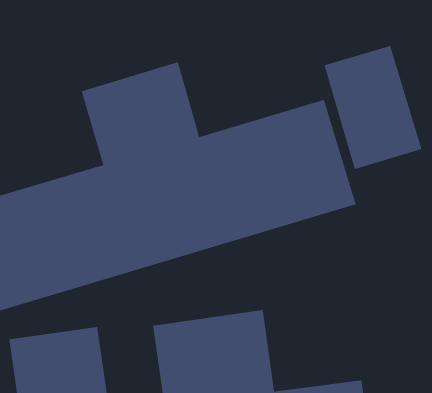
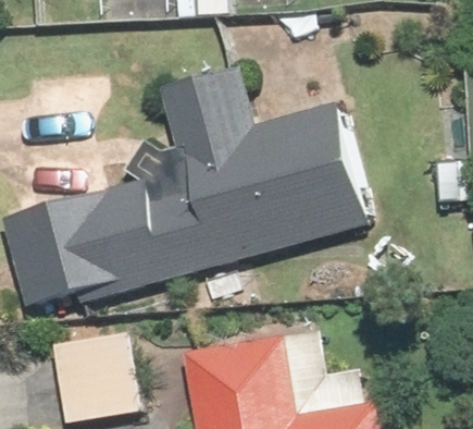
building: [324,45,422,170] -> none

